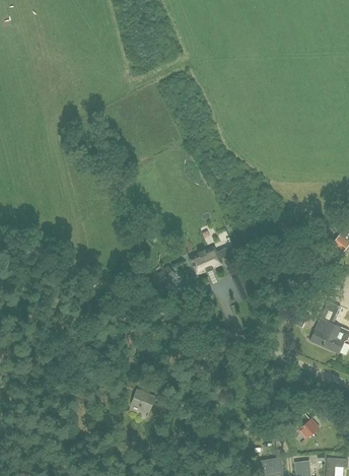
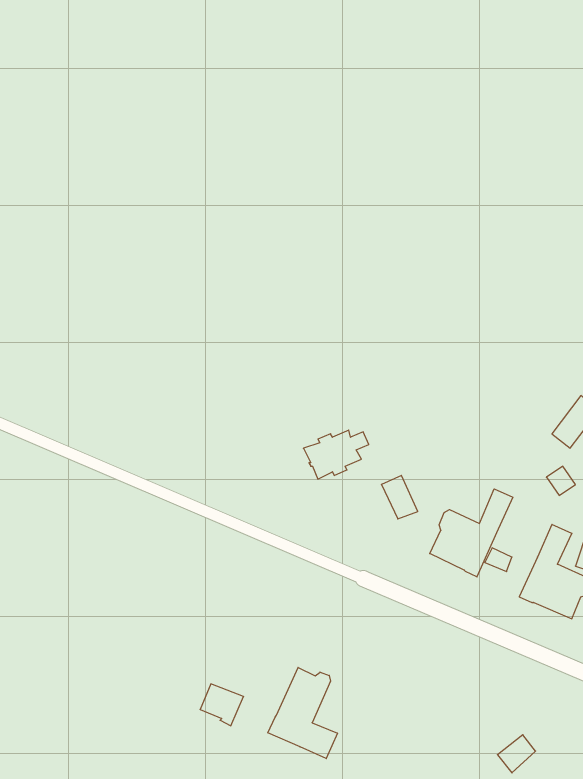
building: none -> [430,489,513,577]
building: none -> [268,667,337,759]

